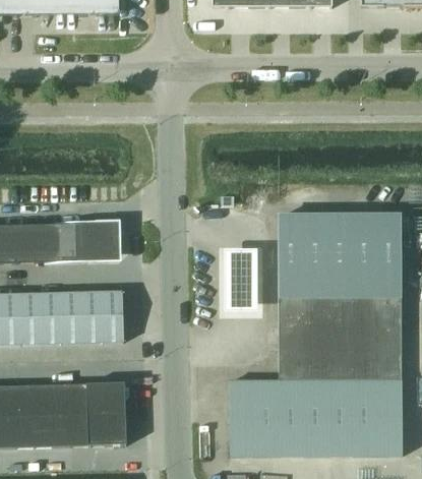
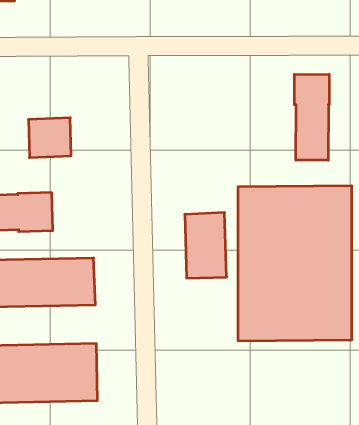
building: none -> [294,74,329,160]
building: [77,220,123,262] -> [28,118,71,158]
building: [230,379,402,457] -> none

